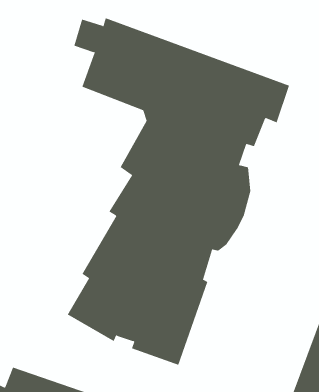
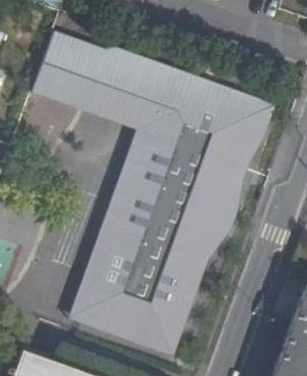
building: none -> [33,30,97,102]

